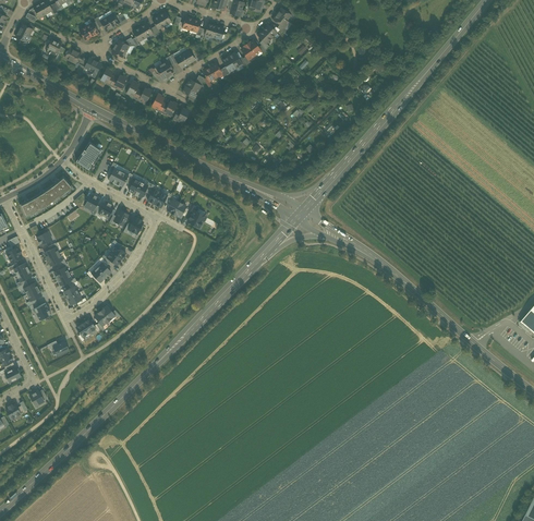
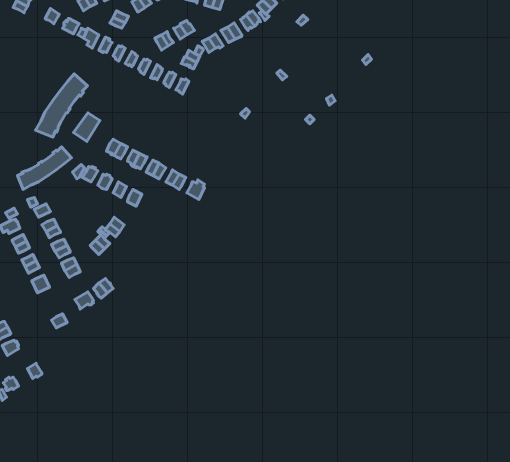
building: none -> [36,74,87,137]

